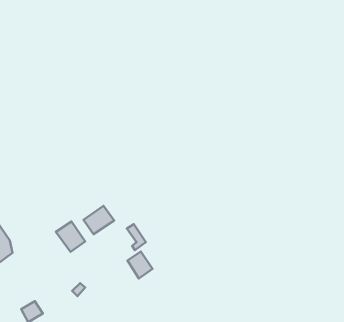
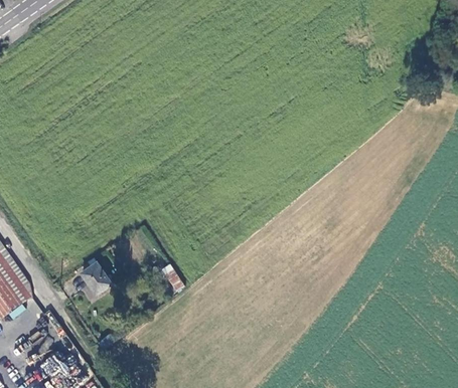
building: [84,206,114,234] -> none
building: [127,251,153,279] -> none

